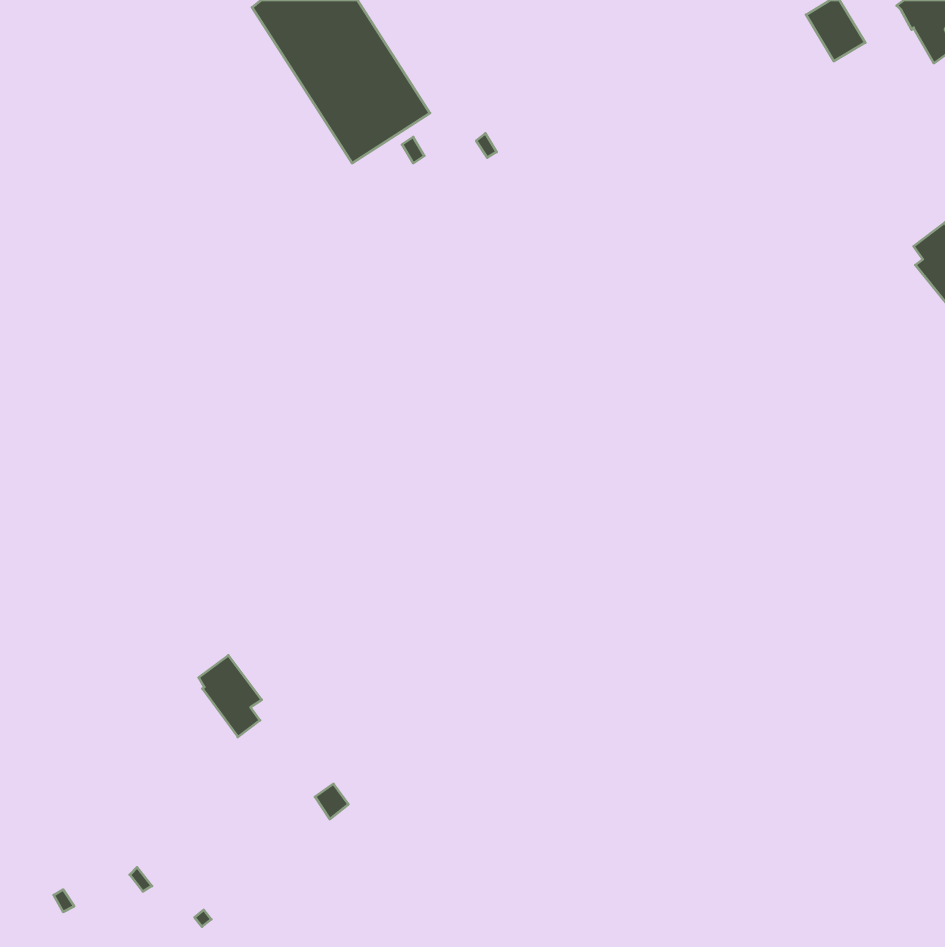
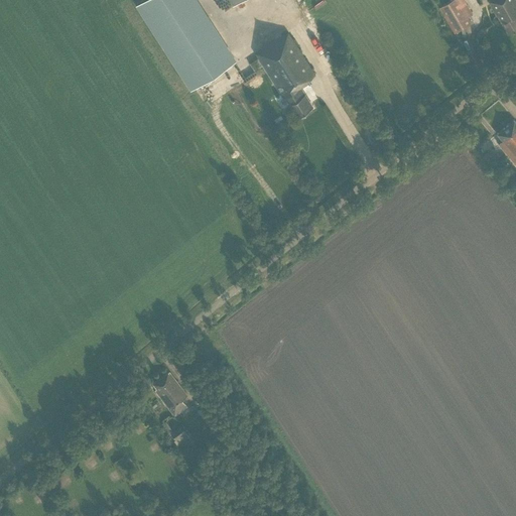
building: none -> [251,33,315,118]
building: [199,655,262,737] -> [154,372,188,416]

